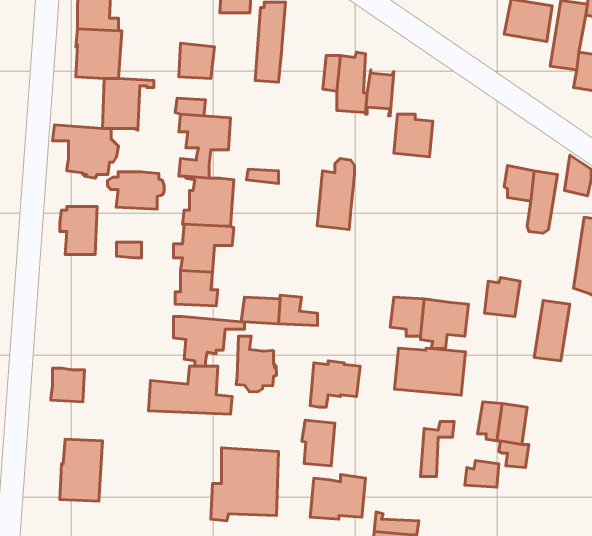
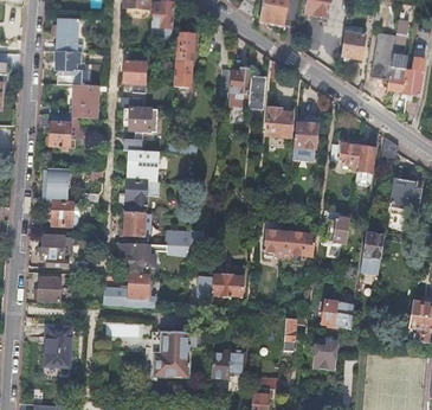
building: [317,158,354,230] -> [292,114,317,161]
building: [107,172,164,209] -> [45,201,83,226]
building: none -> [41,236,73,258]
building: [236,336,277,392] -> none
building: [394,348,465,395] -> none
building: [302,420,335,466] -> none

